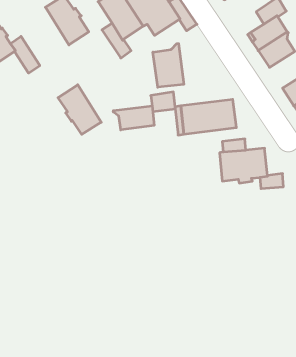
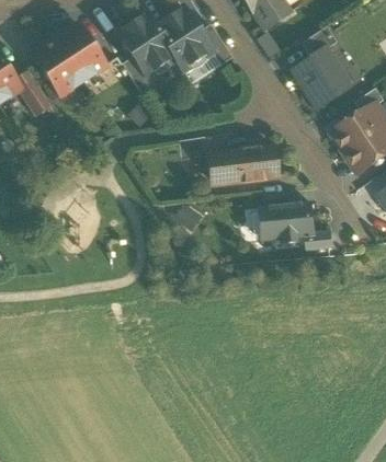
building: [153,44,184,87] -> none
building: [58,85,101,134] -> [33,38,83,96]
building: [113,106,154,130] -> none

